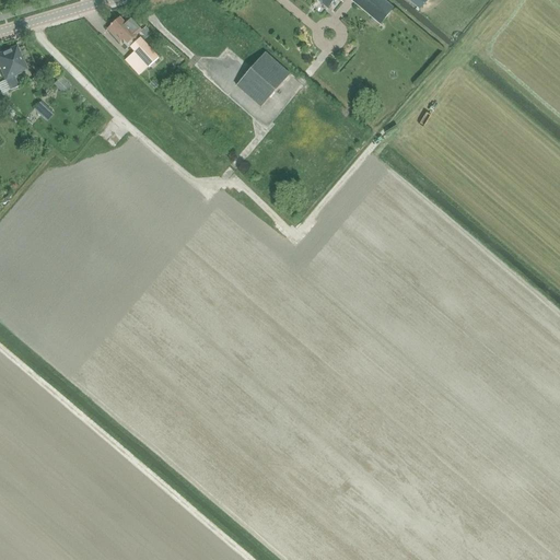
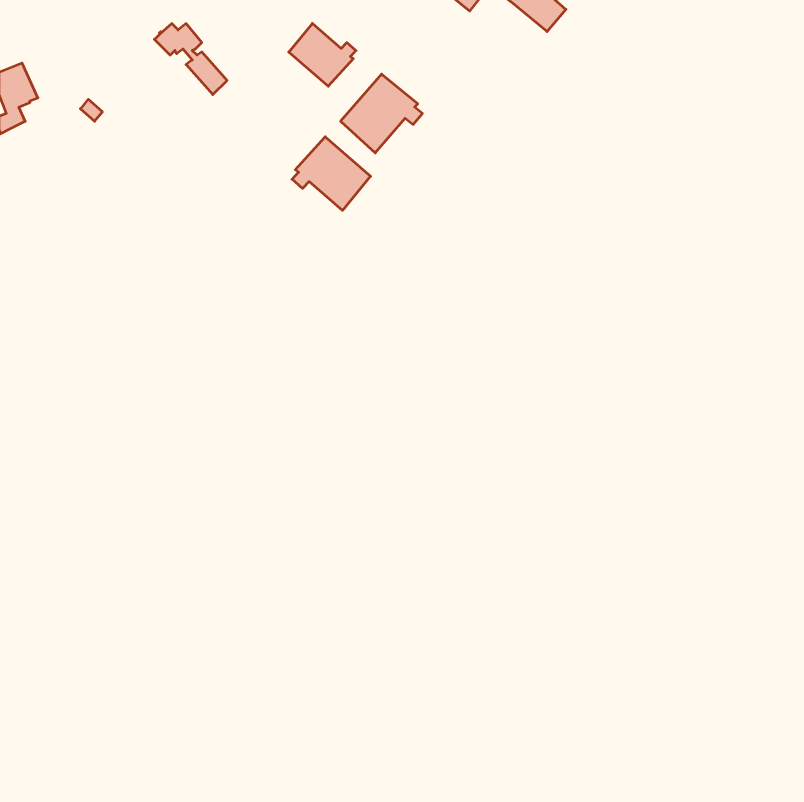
building: none -> [289,23,356,86]
building: none -> [292,137,371,210]

